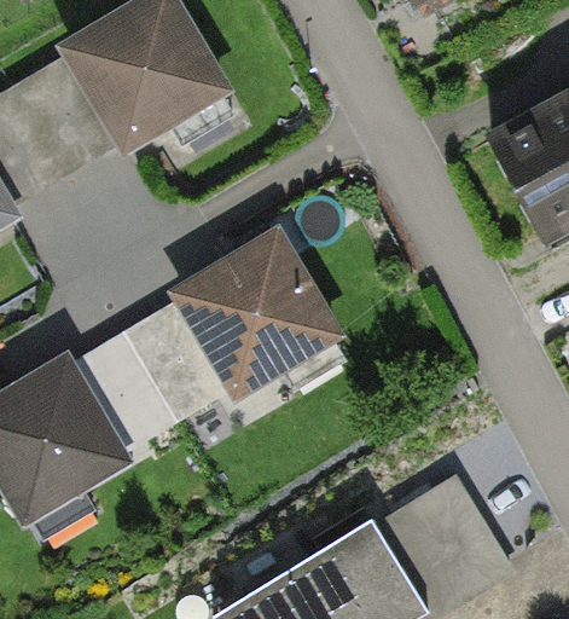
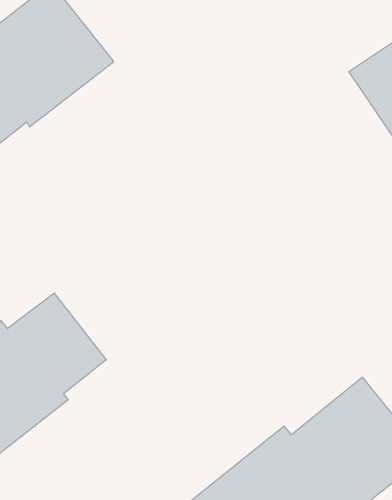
building: [127,235,337,421] -> none

